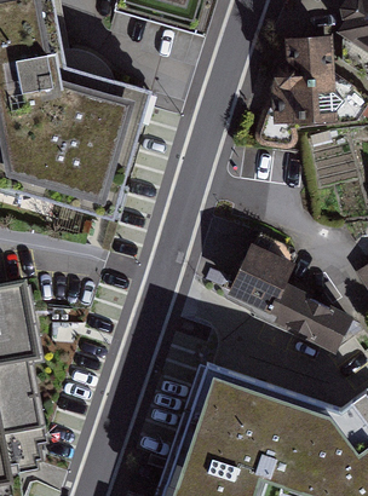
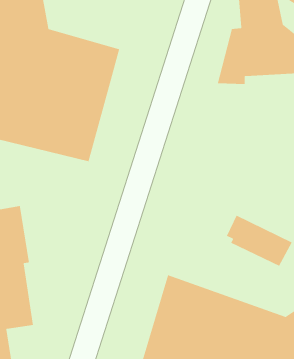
building: [230,249,293,315] -> none

